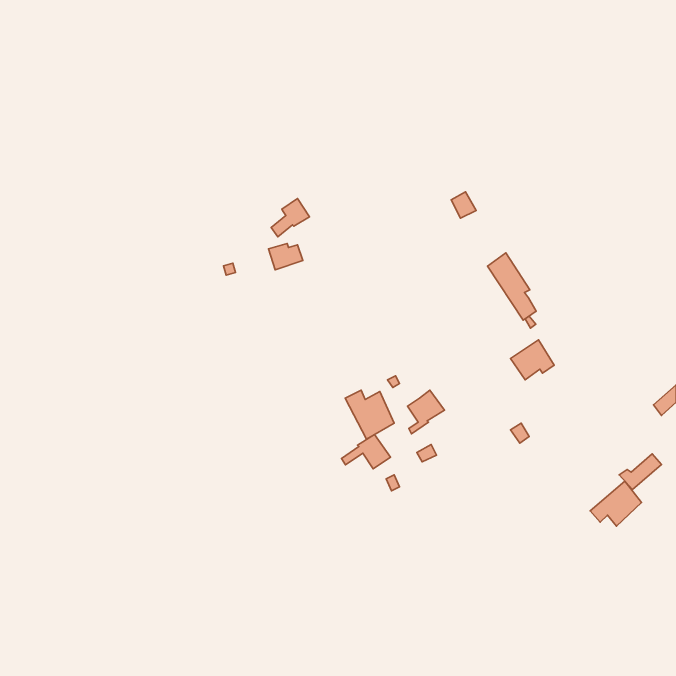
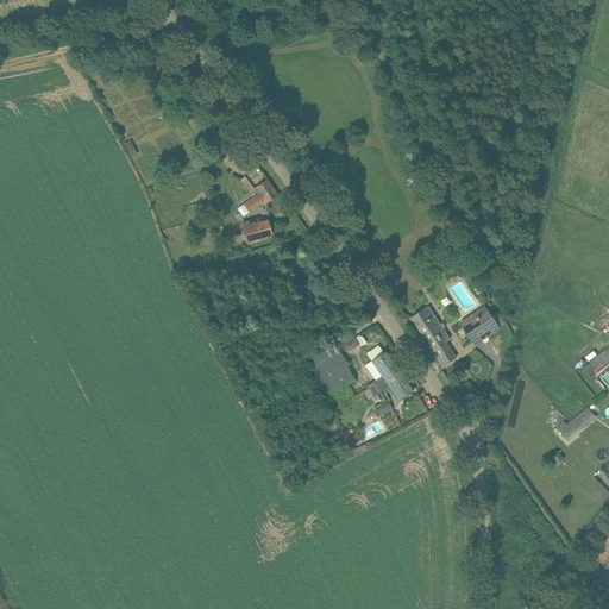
building: [487,253,536,320] -> [412,306,456,366]
building: [342,435,390,469] -> [370,369,414,400]
building: [590,481,641,526] -> none

